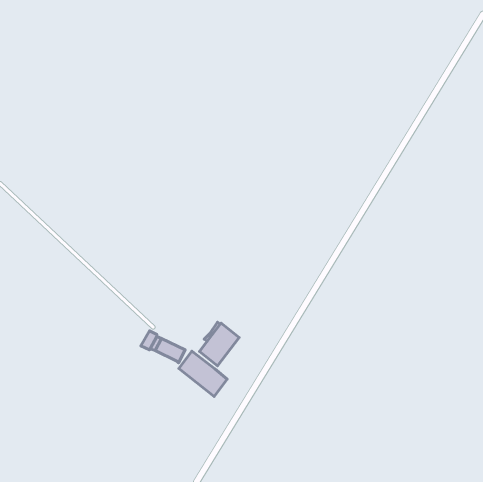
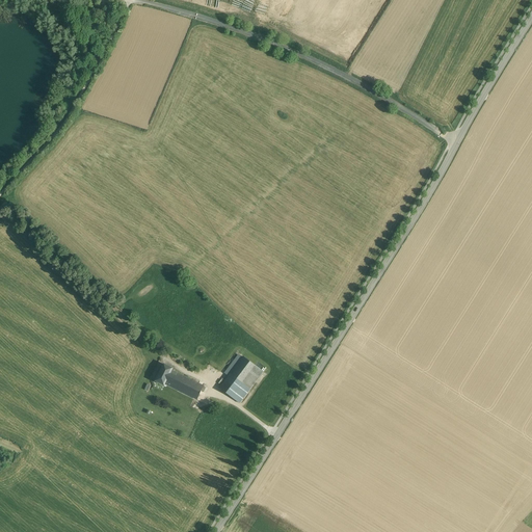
building: [179,351,227,396] -> none

